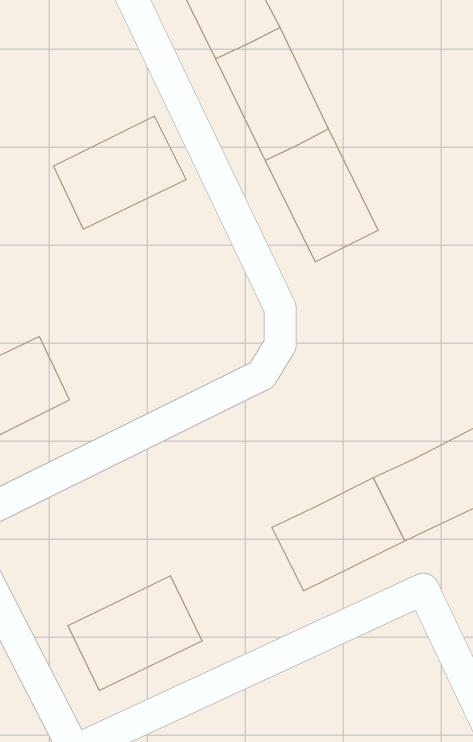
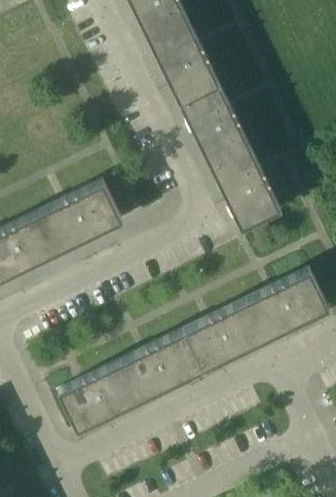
building: [53,116,186,229] -> [40,183,122,253]
building: none -> [211,148,281,230]
building: none -> [121,332,203,402]

